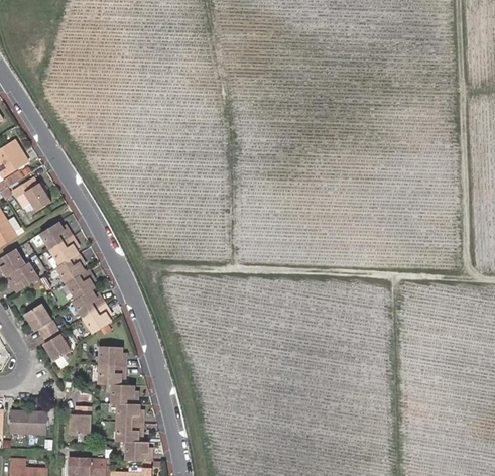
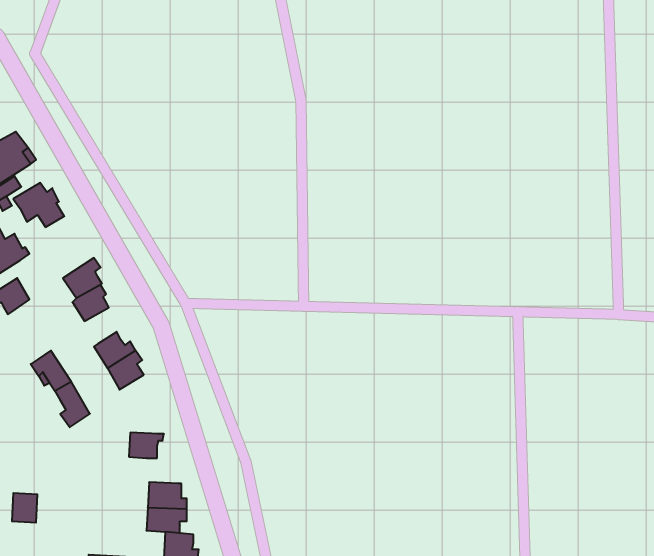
building: [39,222,72,249] -> none
building: [10,263,36,291] -> none
building: [65,269,93,299] -> none
building: [99,345,124,366] -> none
building: [110,384,136,403] -> none
building: [70,405,90,435] -> none
building: [28,411,47,434] -> none

